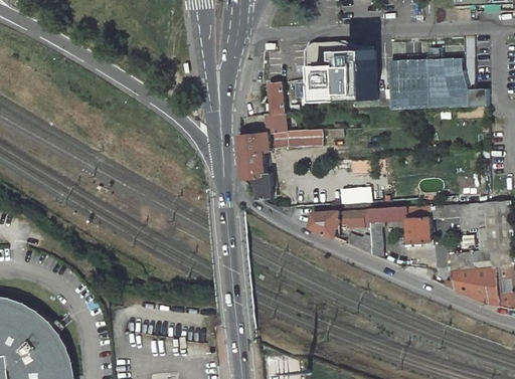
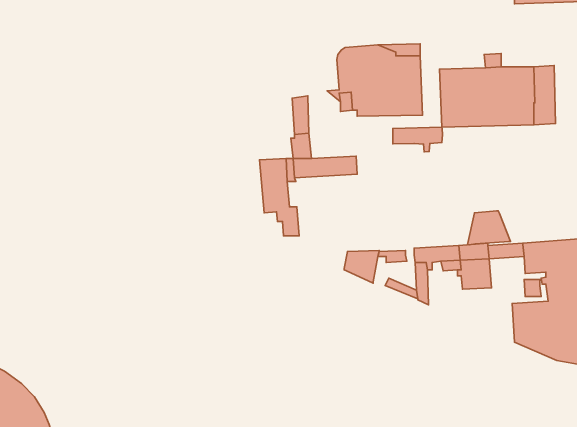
building: none -> [393,127,443,152]
building: none -> [468,211,510,245]
building: [337,186,368,204] -> none

